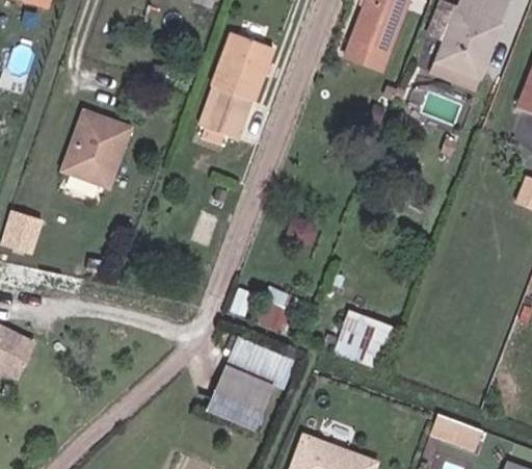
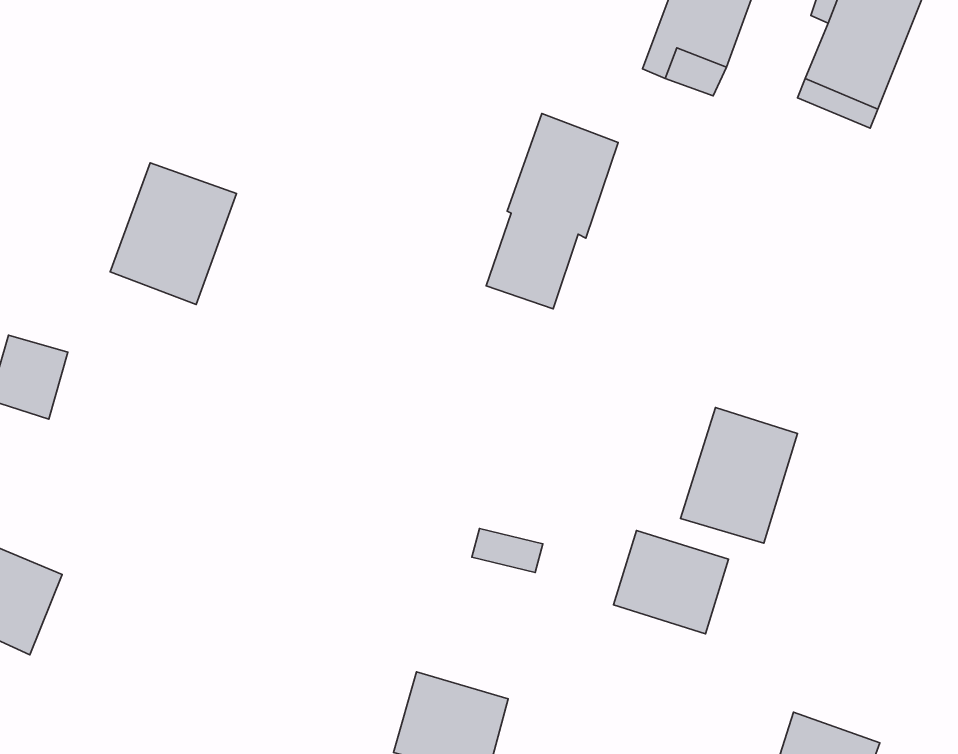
building: [201,33,272,139] -> [486,114,618,309]
building: none -> [681,407,797,543]
building: [227,351,295,403] -> none

